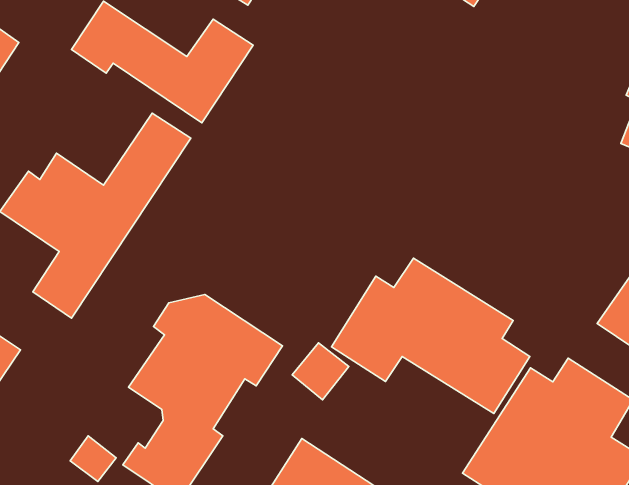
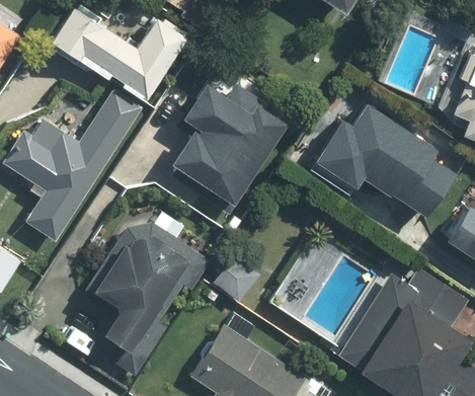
building: none -> [164,79,286,216]
building: [332,258,530,413] -> [308,108,453,222]

